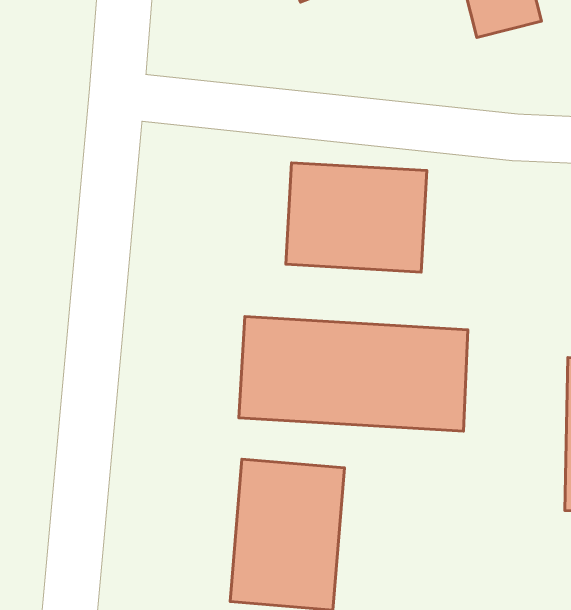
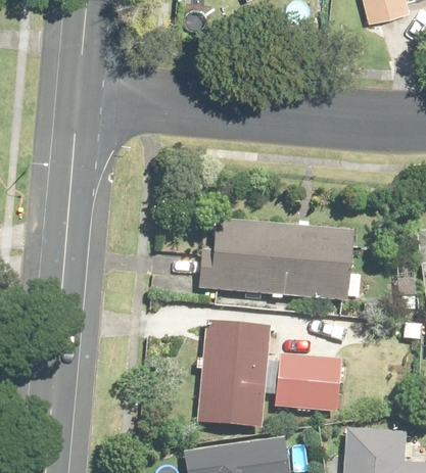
building: [286,163,427,272] -> none
building: none -> [256,359,331,422]

